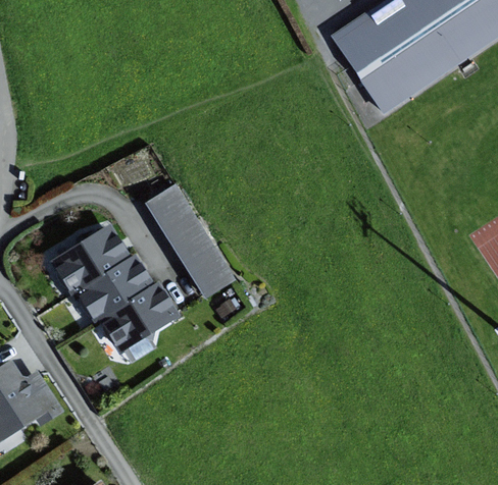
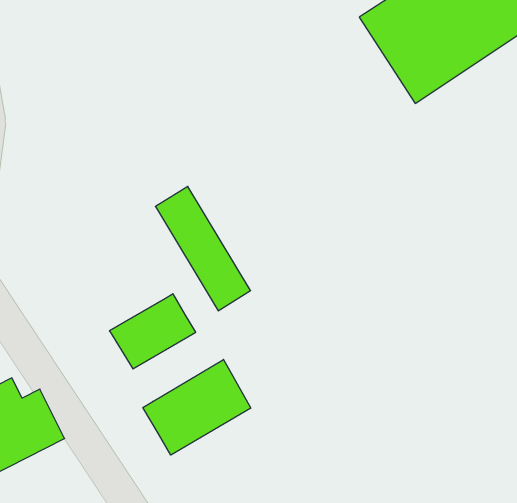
building: [55,225,156,325] -> none
building: none -> [143,359,251,455]

